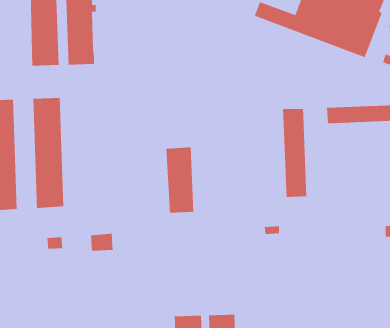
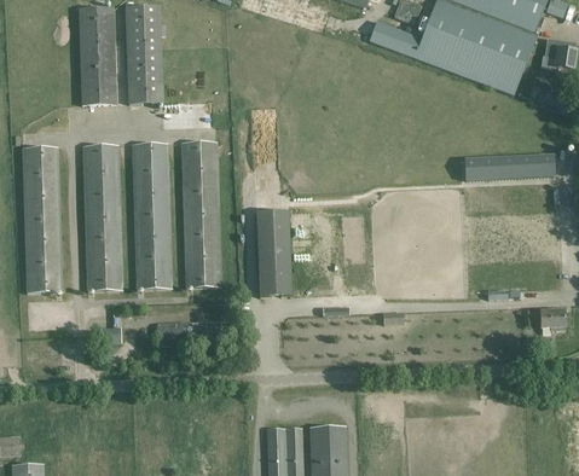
building: none -> [181,141,222,286]
building: none -> [132,143,173,288]
building: [282,108,307,198] -> none

